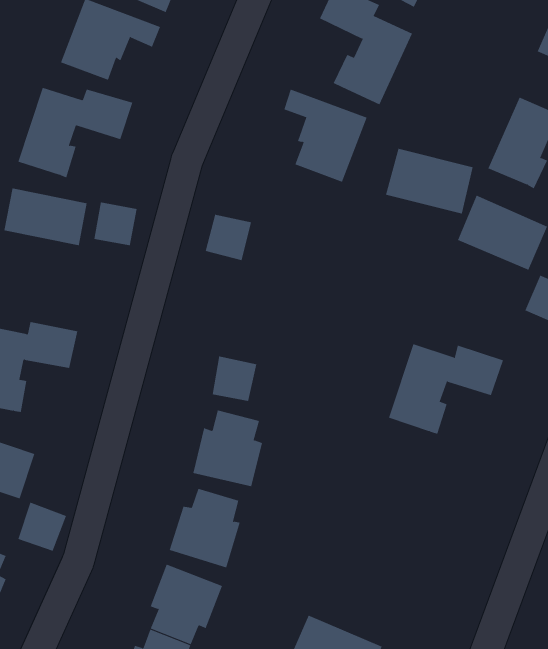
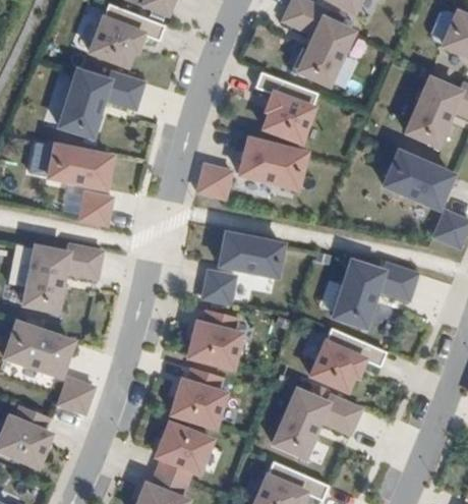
building: [385,148,474,214] -> [239,139,304,188]
building: [93,202,137,246] -> [80,193,113,226]
building: none -> [220,233,282,276]
building: none -> [310,327,387,390]
building: none -> [274,390,362,458]

